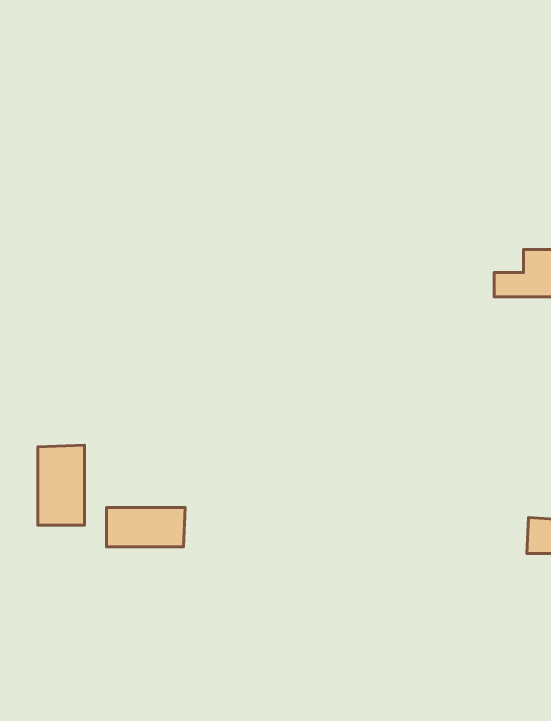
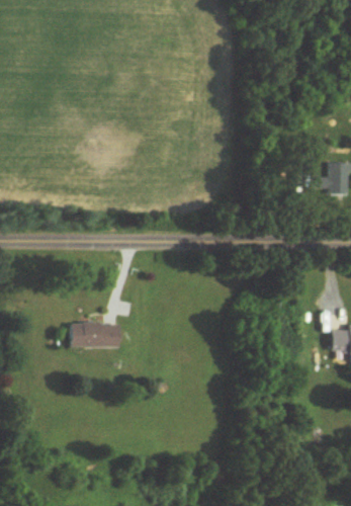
building: [38,445,85,525] -> none

